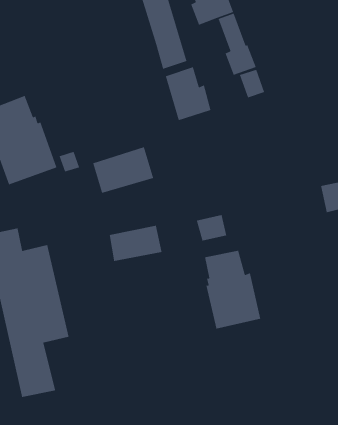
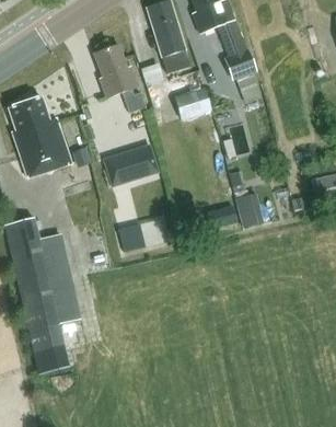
building: none -> [94,45,147,113]
building: none -> [235,194,264,229]
building: [204,250,261,329] -> none

